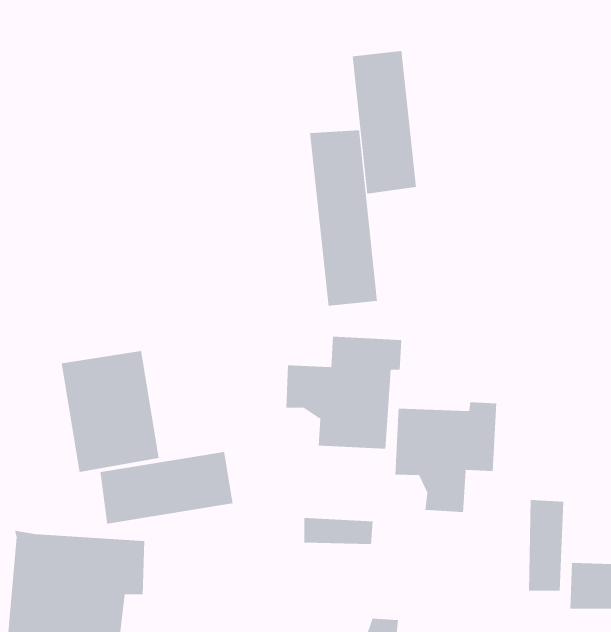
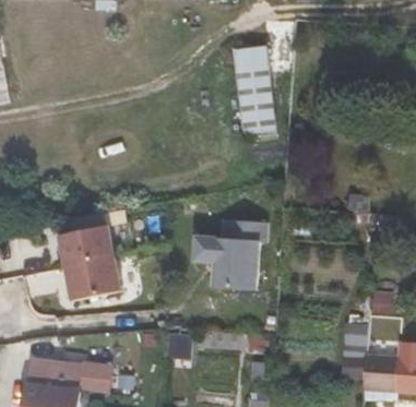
building: [310,130,377,306] -> none
building: [395,402,497,513] -> none
building: [100,451,233,525] -> none

